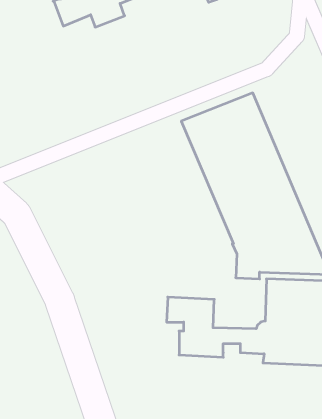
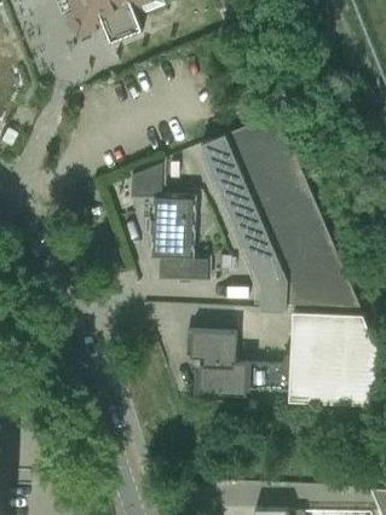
building: none -> [133,160,212,283]

